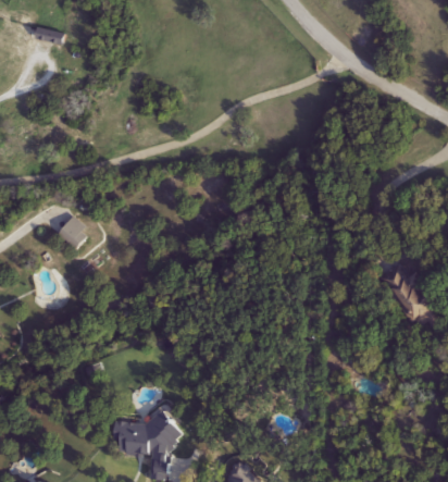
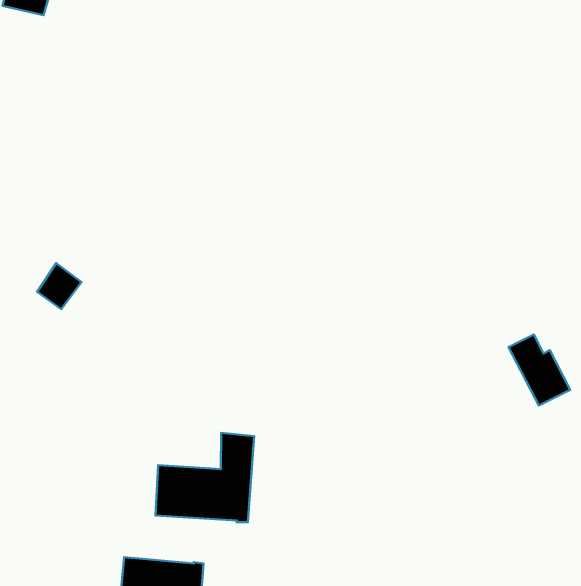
building: none -> [156,433,254,522]

